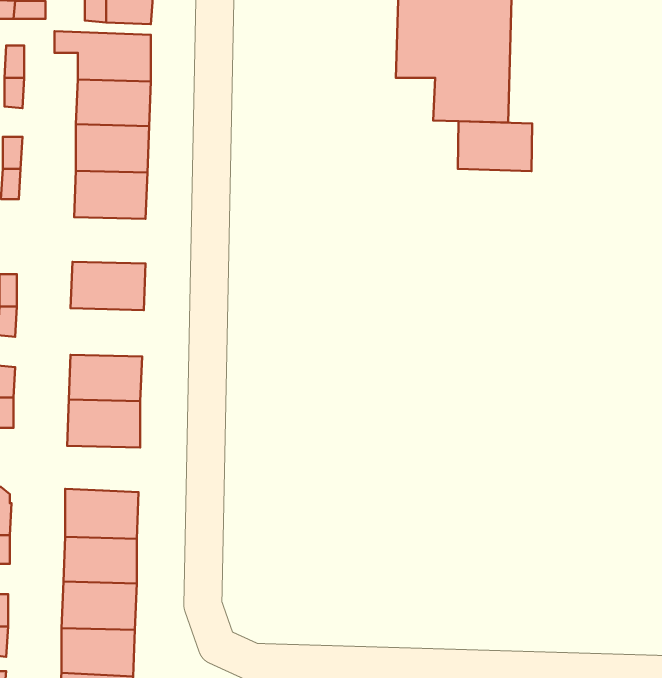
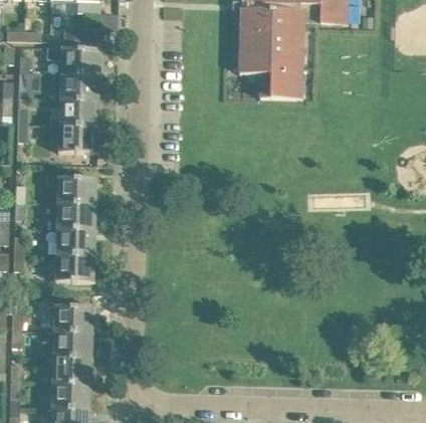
building: [458,121,532,171] -> none
building: none -> [55,203,96,230]

